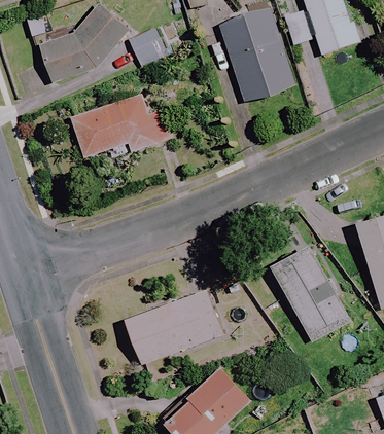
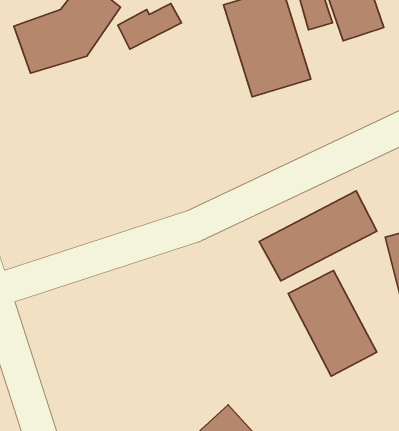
building: [71,95,171,156] -> none
building: none -> [259,191,377,281]
building: [126,289,223,363] -> none

